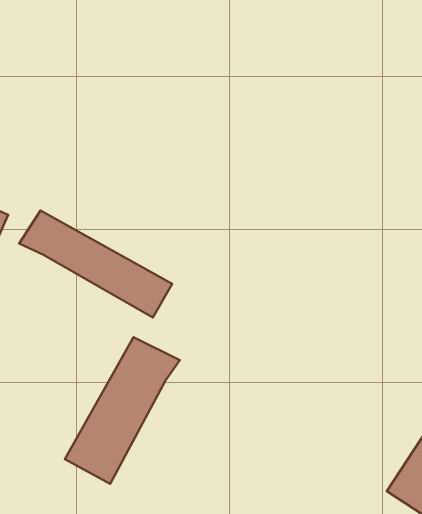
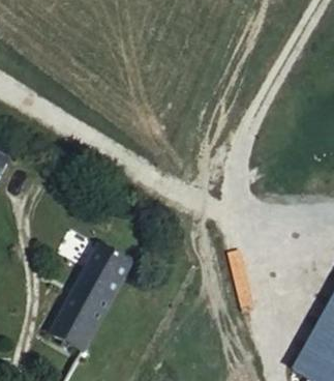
building: [19,210,172,318] -> none

